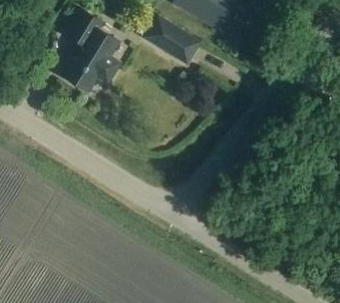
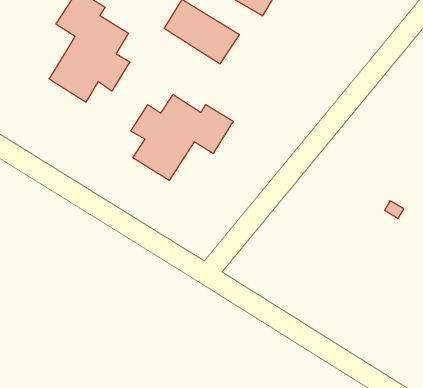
building: none -> [131,95,233,181]

